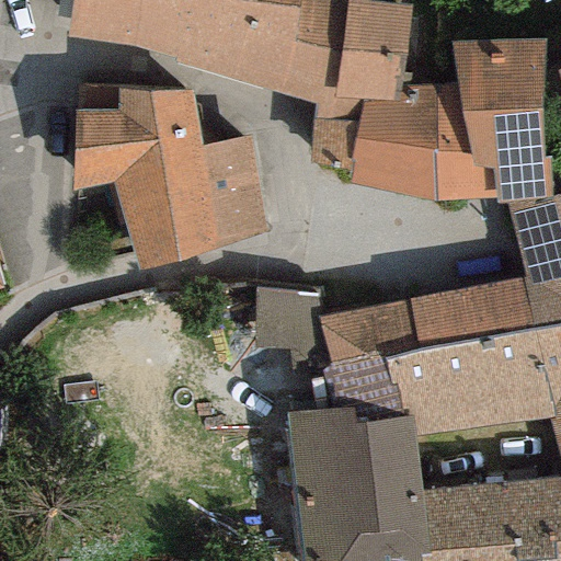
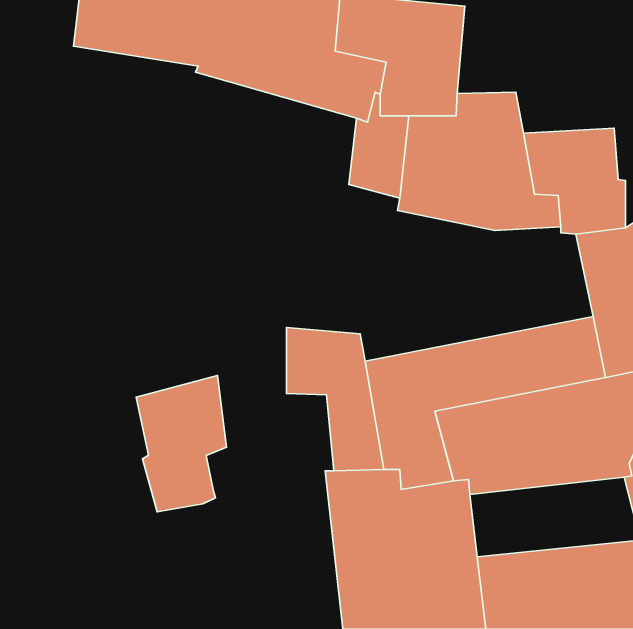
building: [451,42,548,117] -> none
building: [73,82,265,266] -> none
building: none -> [136,376,227,512]

